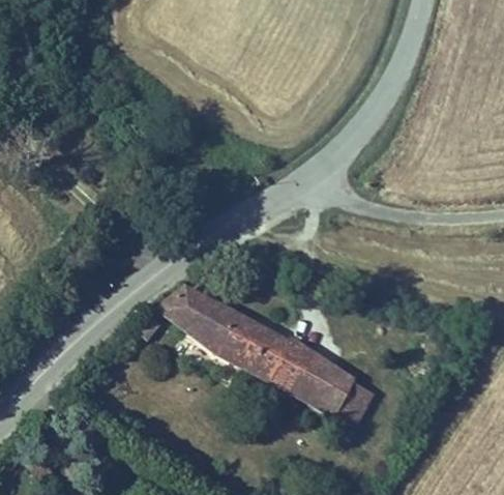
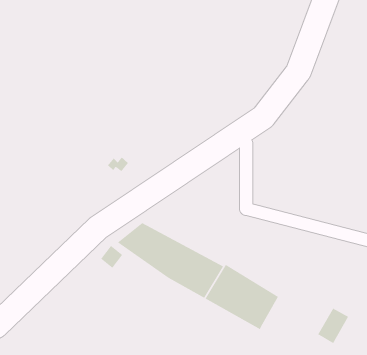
building: [336,381,377,428] -> [317,307,349,344]

